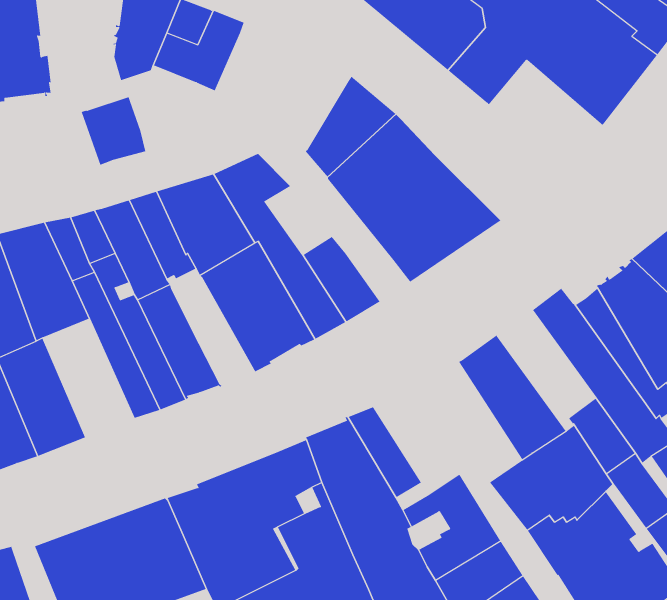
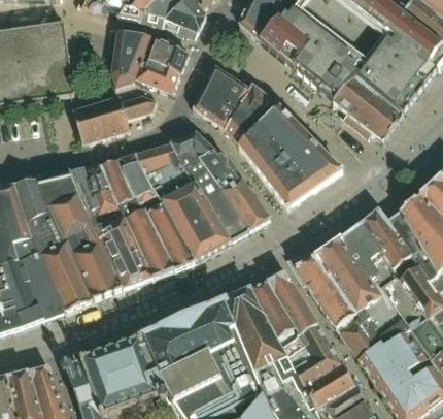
building: none -> [192,63,250,127]
building: none -> [335,73,403,139]
building: none -> [121,92,156,116]
building: none -> [72,104,102,142]
building: none -> [201,149,241,190]
building: none -> [142,202,195,267]
building: none -> [340,223,399,295]
building: none -> [68,228,123,299]
building: none -> [296,254,354,326]
building: none -> [266,269,317,333]

